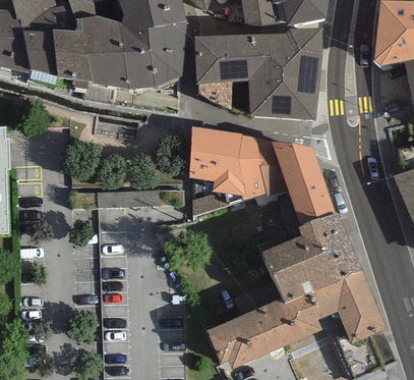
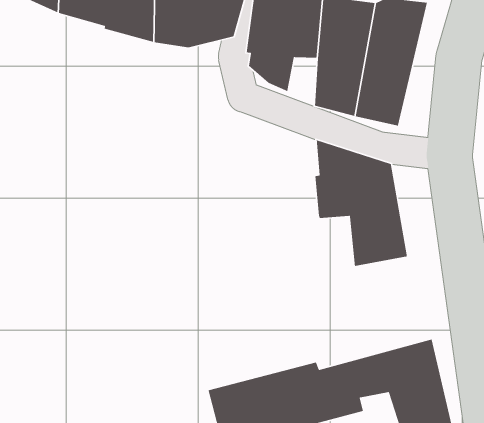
building: [188,126,265,216] -> none
building: [260,213,361,304] -> none

